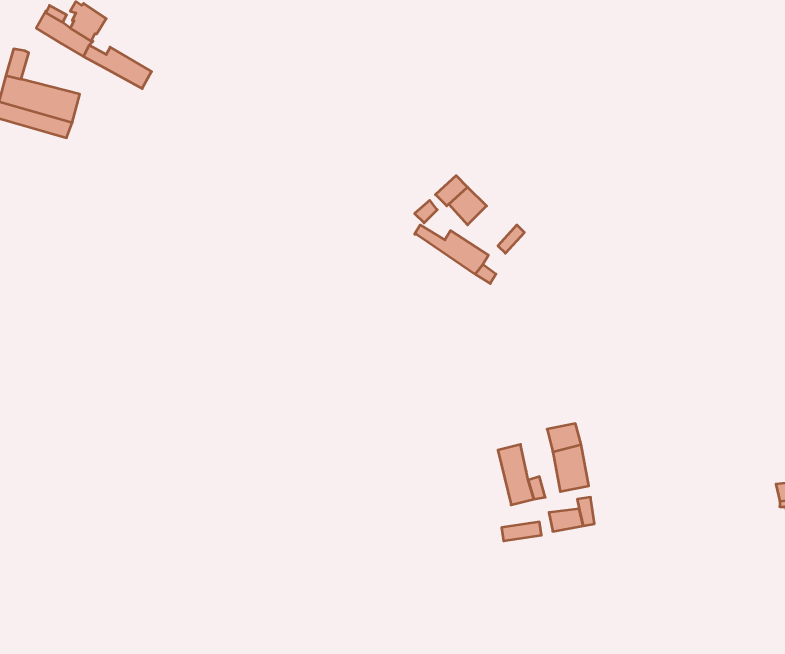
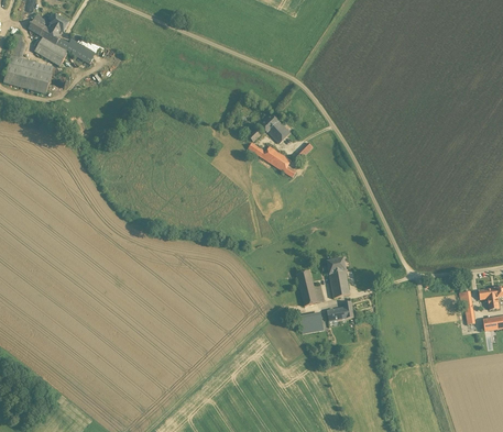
building: none -> [34,37,67,66]

